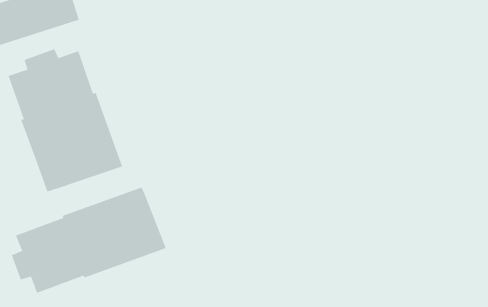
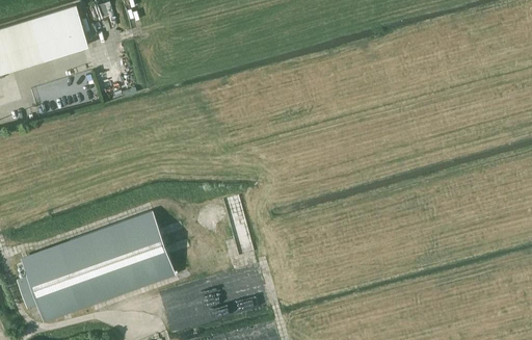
building: [8,48,123,193] -> none

